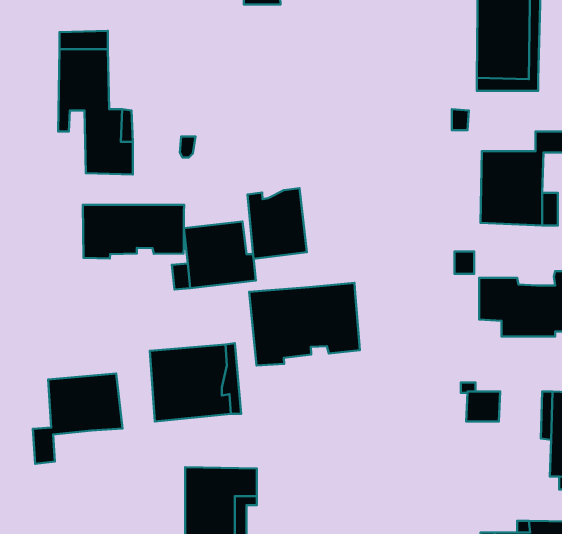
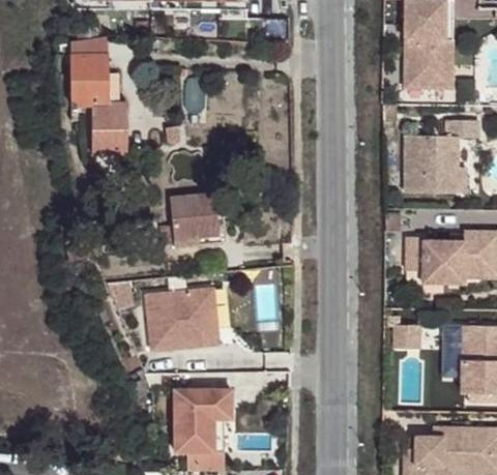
building: [247,188,307,259] -> none
building: [83,205,184,258] -> none
building: [249,283,360,365] -> none
building: [33,374,122,464] -> none

